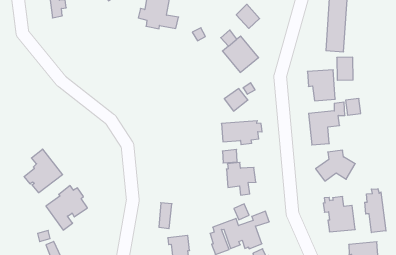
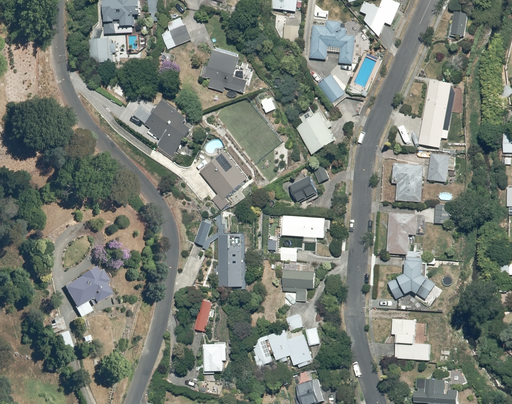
building: none -> [146,99,200,167]
building: none -> [200,150,249,200]
building: none -> [193,218,243,287]
building: [24,149,63,193] -> none
building: [365,189,386,233] -> none

